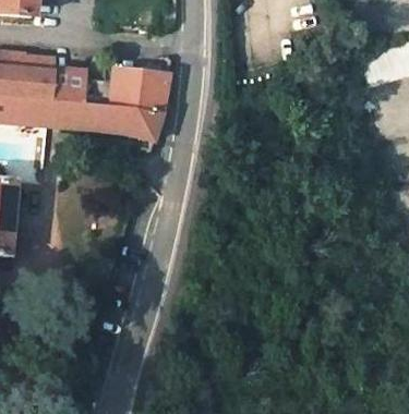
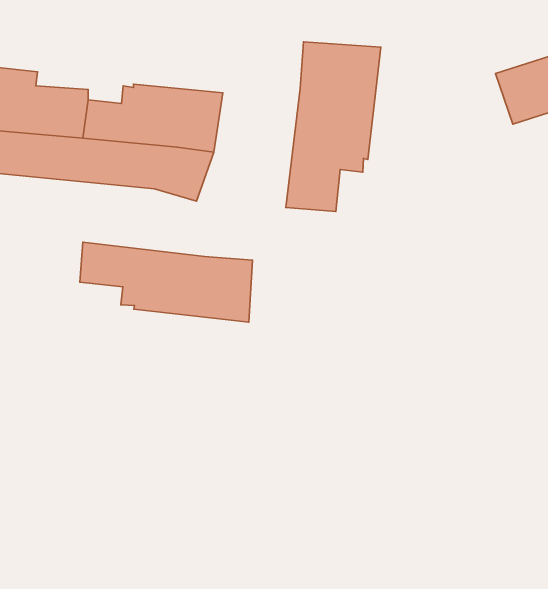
building: none -> [286,42,381,211]
building: none -> [80,242,252,322]

